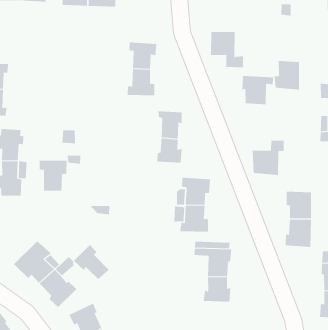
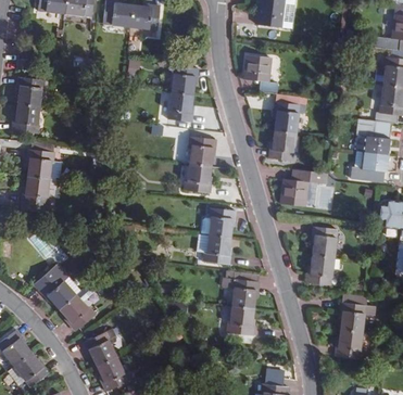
building: [274,61,300,90] -> [272,137,299,168]
building: [39,160,67,191] -> none
building: [73,244,109,280] -> none

